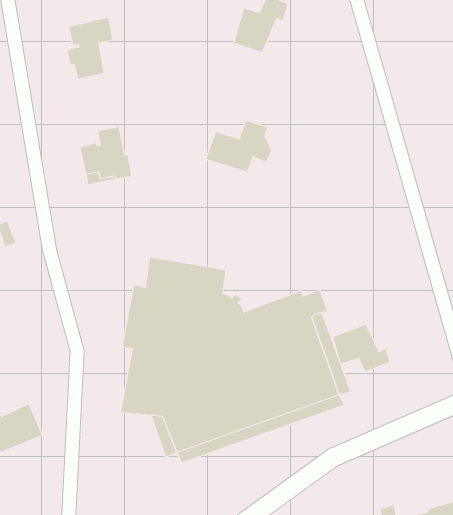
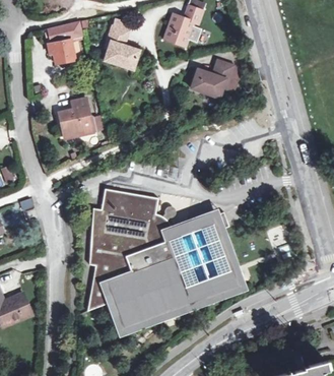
building: none -> [105,25,140,70]
building: [205,120,272,172] -> [191,61,238,98]
building: [333,324,390,372] -> none

